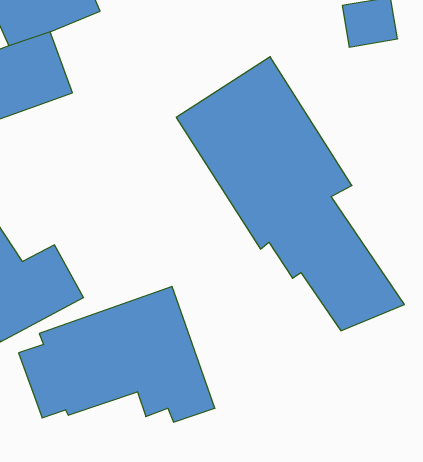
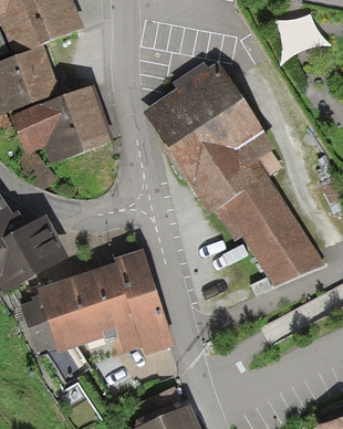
building: none -> [9,83,113,165]

